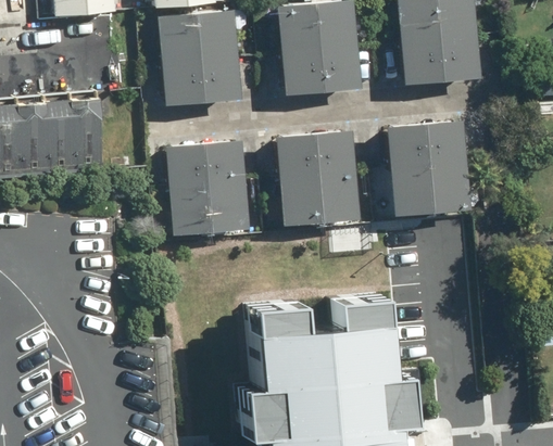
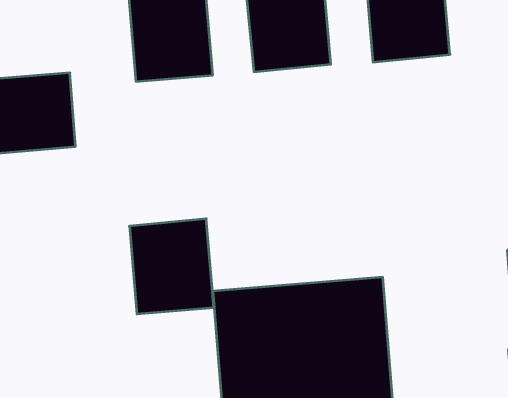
building: [386,119,470,214] -> none
building: [275,128,360,224] -> none
building: [164,140,249,235] -> [129,219,214,314]

